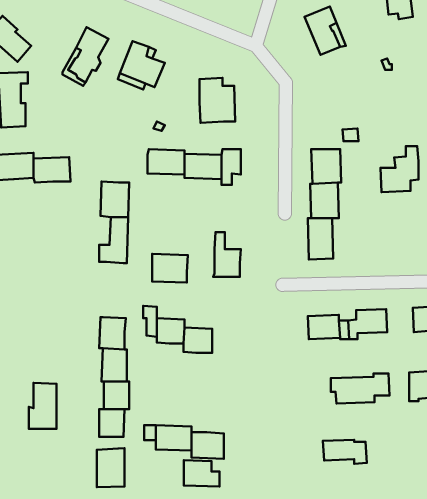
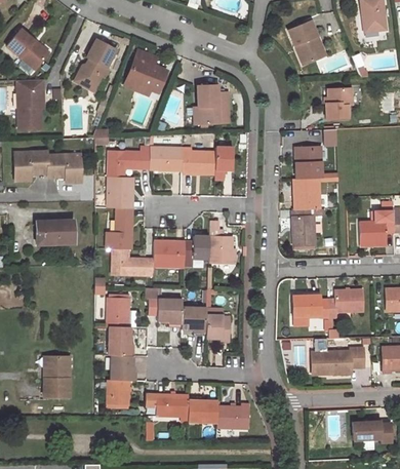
building: none -> [325,87,352,120]
building: [380,146,418,192] -> [359,203,393,244]
building: none -> [109,152,150,178]
building: none -> [37,221,74,244]
building: none -> [185,236,209,259]
building: none -> [112,248,154,275]
building: none -> [206,314,231,341]
building: [323,440,367,464] -> [353,421,392,442]
building: [97,448,124,487] -> none
building: [184,460,220,486] -> [217,405,249,429]

